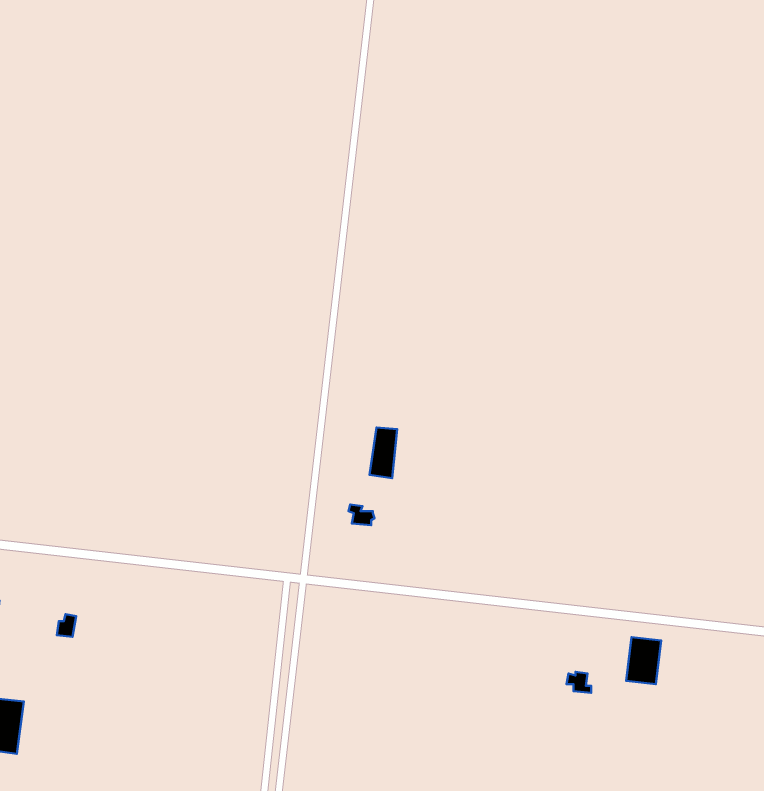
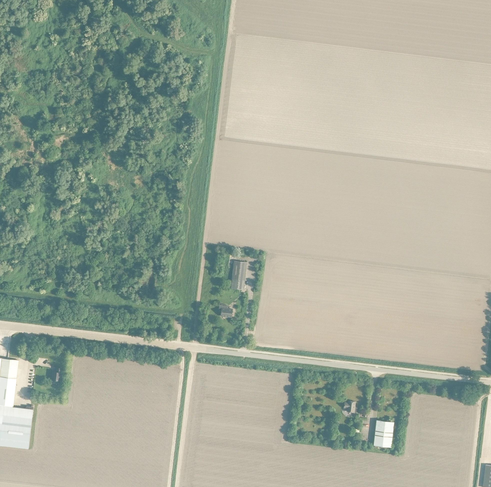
building: [626,637,661,684] -> [372,420,392,447]

